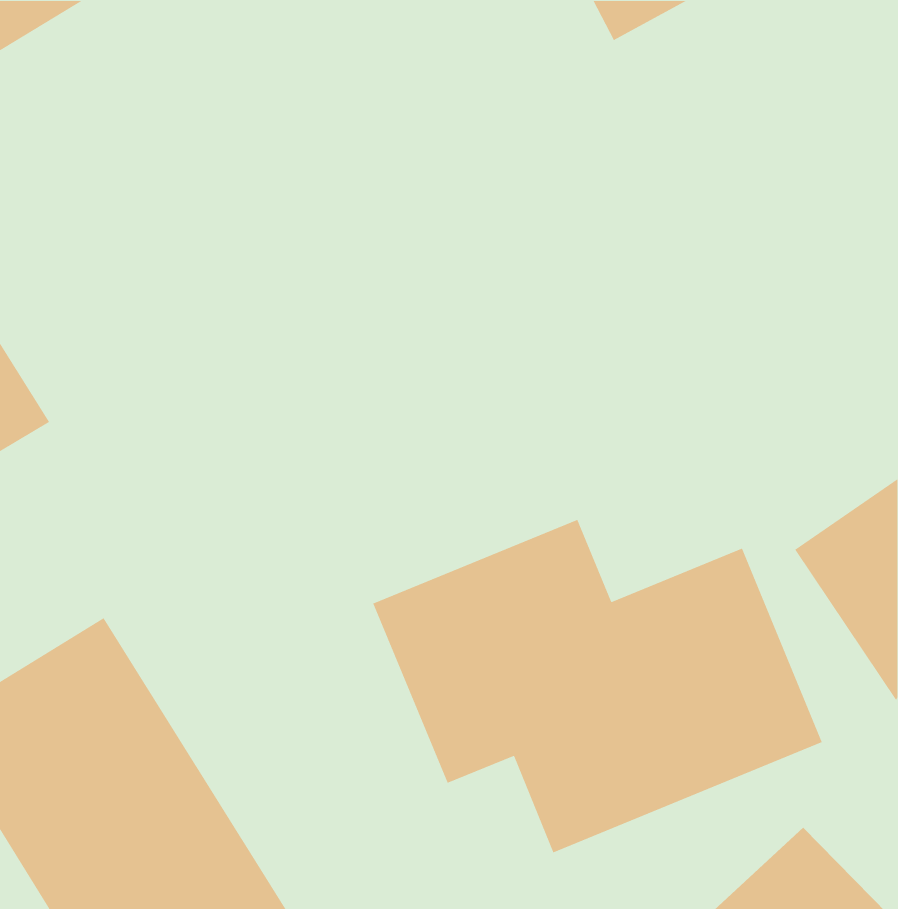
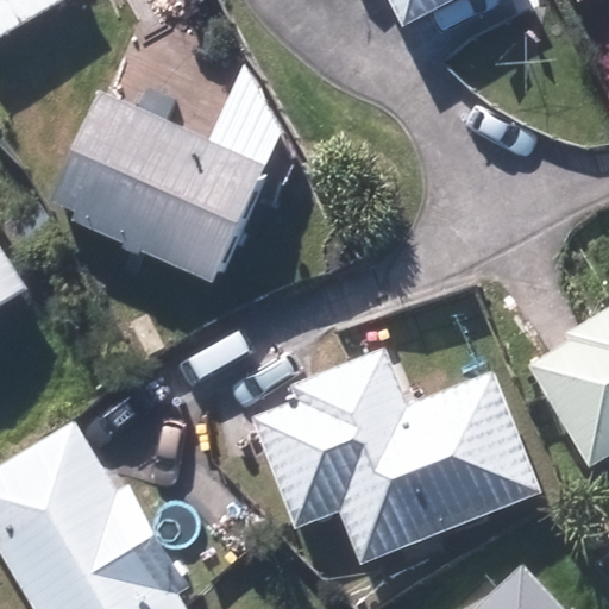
building: none -> [46,90,268,281]

